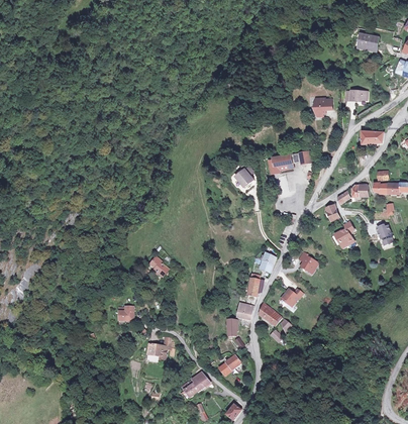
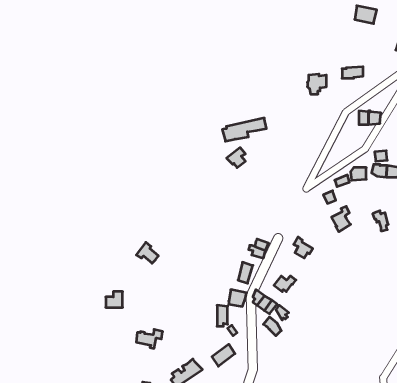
building: [268,150,310,173] -> [222,118,266,141]

